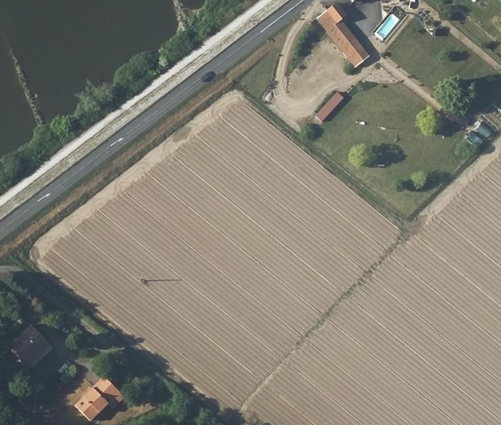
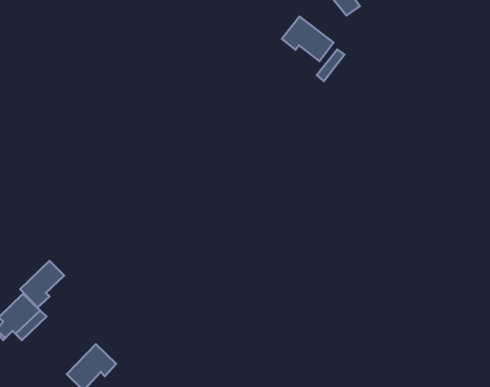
building: none -> [282,16,334,61]
building: none -> [20,261,64,308]

